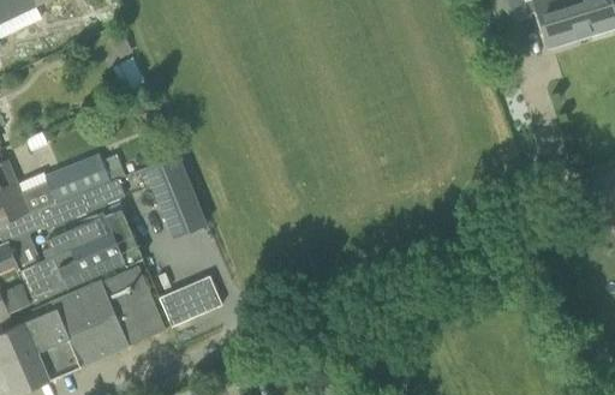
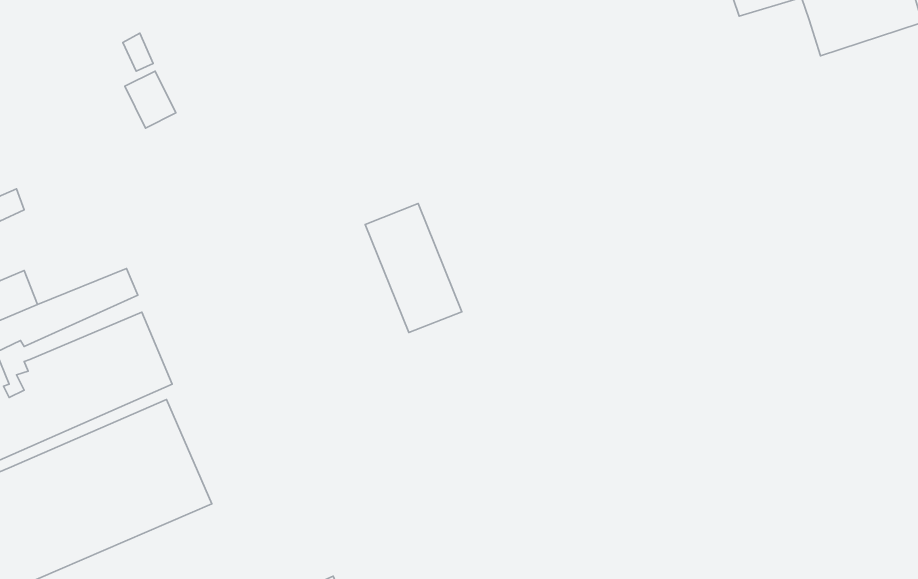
building: [43,155,124,204] -> none
building: [144,156,205,238] -> [365,204,462,333]
building: [157,276,221,327] -> none

